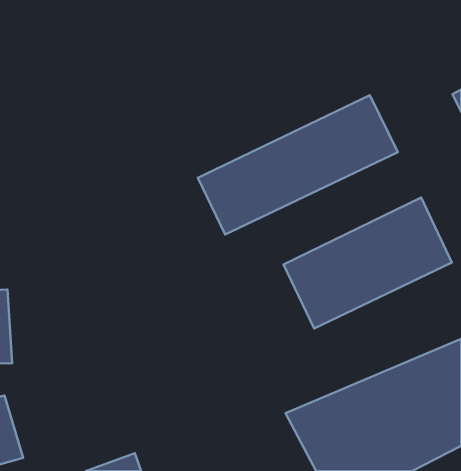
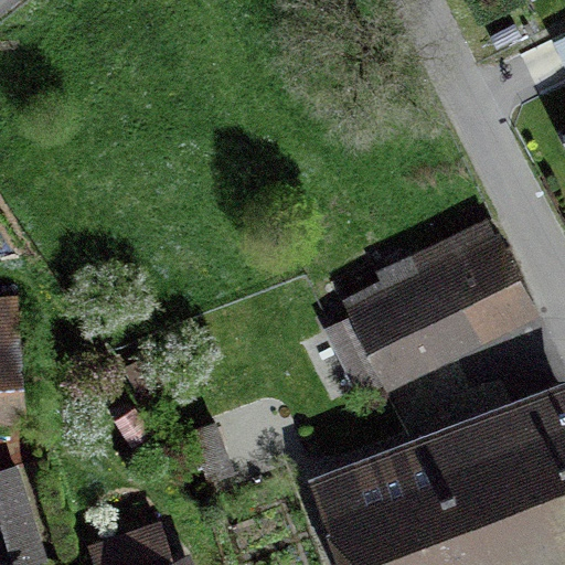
building: [198,95,398,234] -> none

